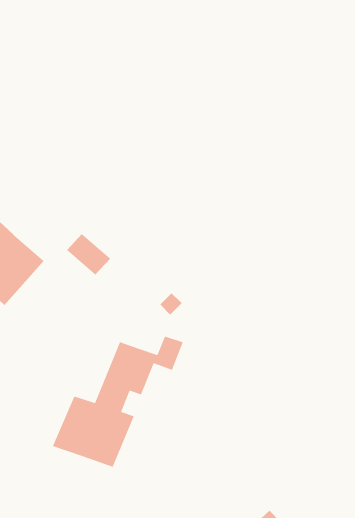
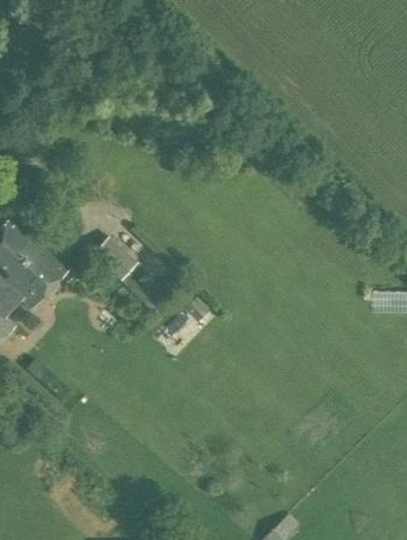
building: [52,335,184,468] -> none

